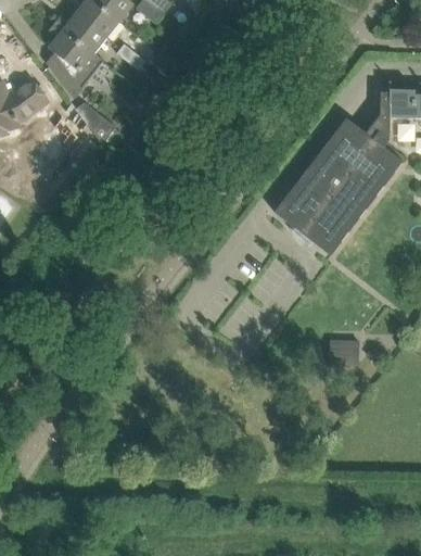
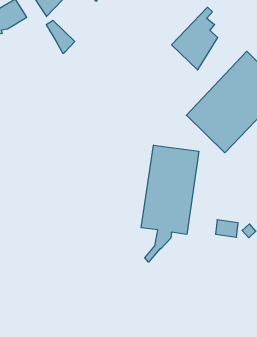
building: none -> [172,7,218,70]
building: none -> [141,145,199,262]

